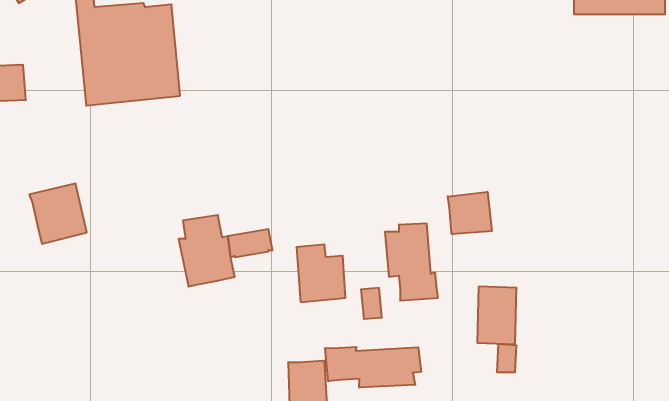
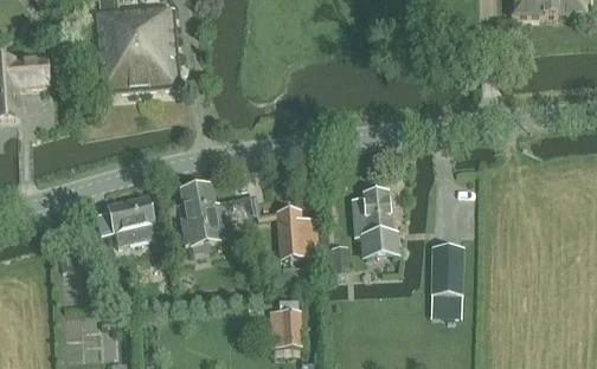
building: [29,183,87,244] -> [107,193,155,244]
building: [448,192,492,234] -> none
building: [325,347,421,388] -> none

